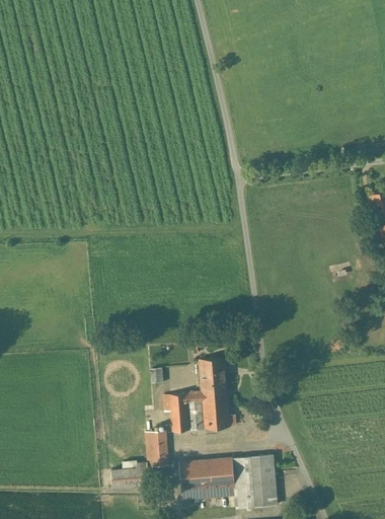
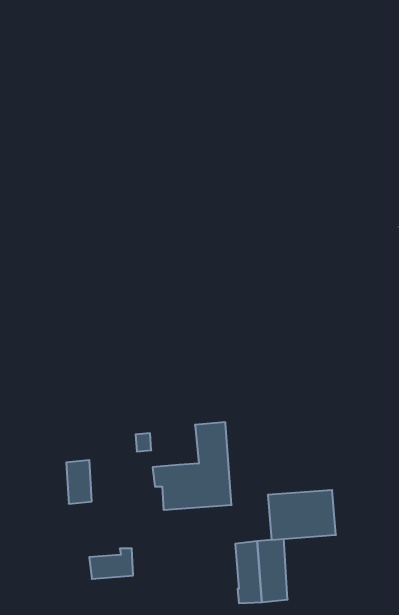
building: [146,430,167,466] -> [66,460,92,504]
building: [178,458,235,500] -> [268,490,336,540]

